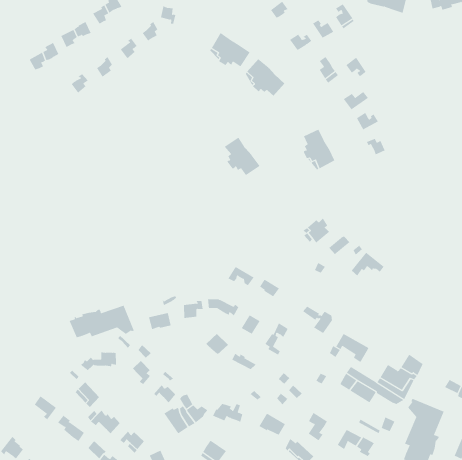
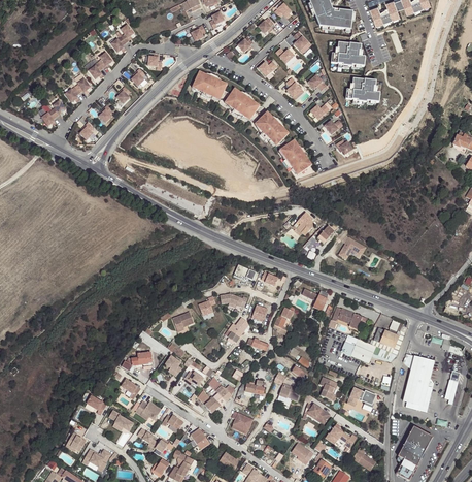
building: none -> [330,41,365,67]
building: none -> [344,77,378,102]
building: [224,137,260,176] -> [255,110,288,142]
building: [69,305,135,338] -> none

